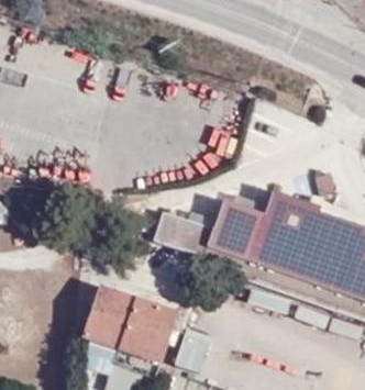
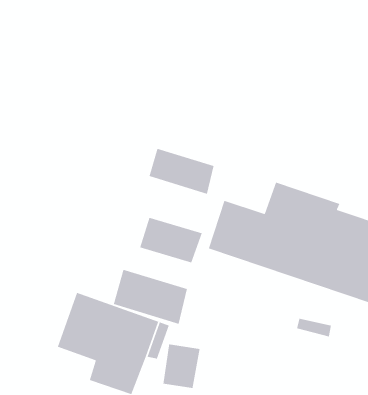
building: none -> [149,148,215,195]
building: none -> [113,269,188,325]

